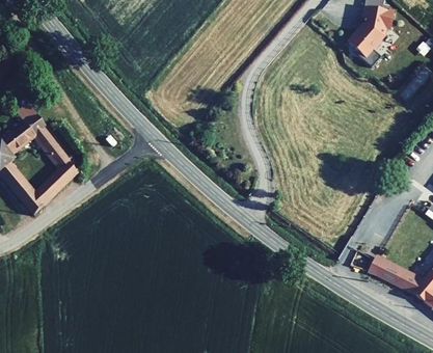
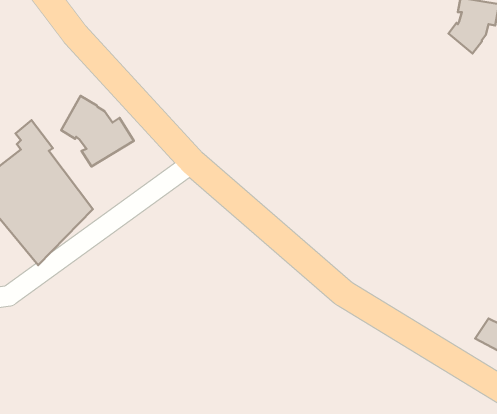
building: none -> [61,96,134,167]

